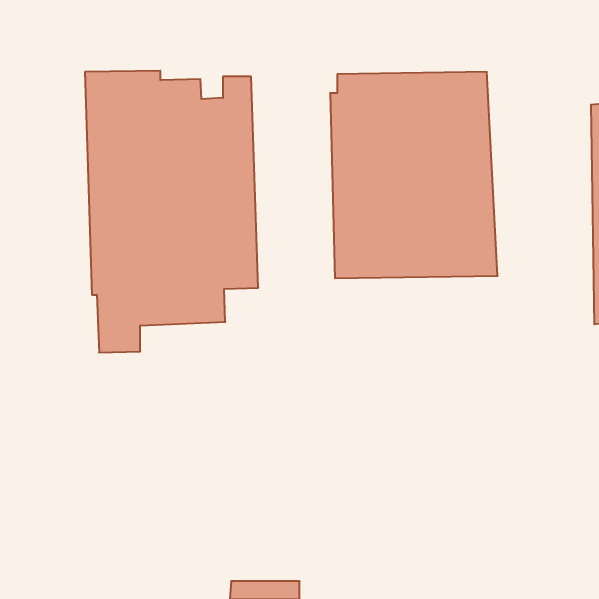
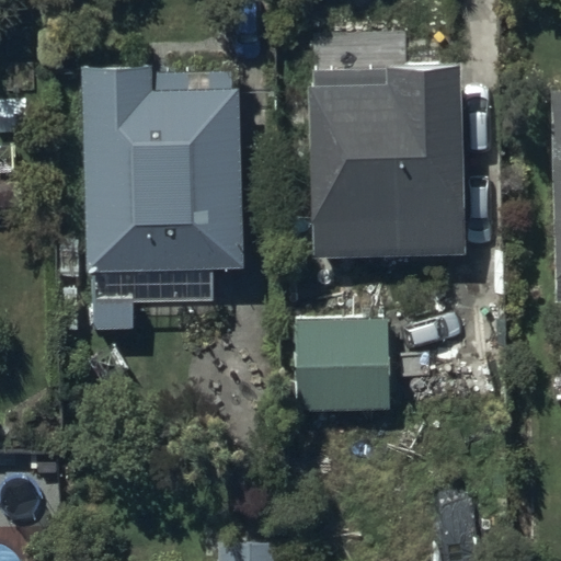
building: none -> [298,311,399,411]

